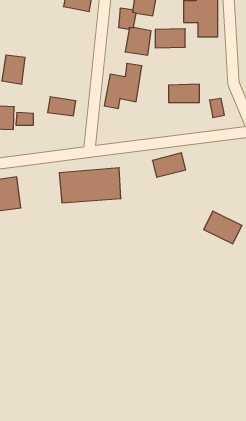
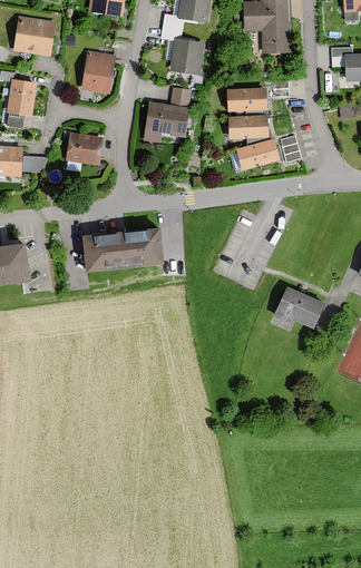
building: none -> [11,14,55,56]
building: [155,29,185,48] -> [226,88,266,114]
building: none -> [81,50,116,92]
building: [152,153,186,177] -> [236,140,281,173]

